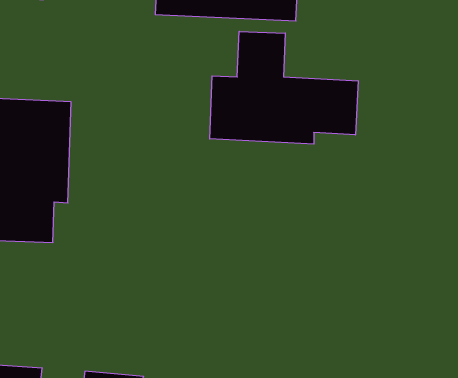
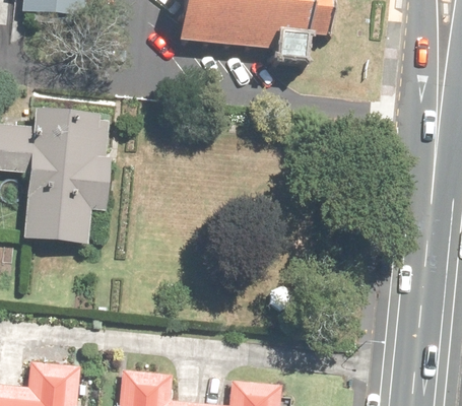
building: [210,31,358,144] -> none

